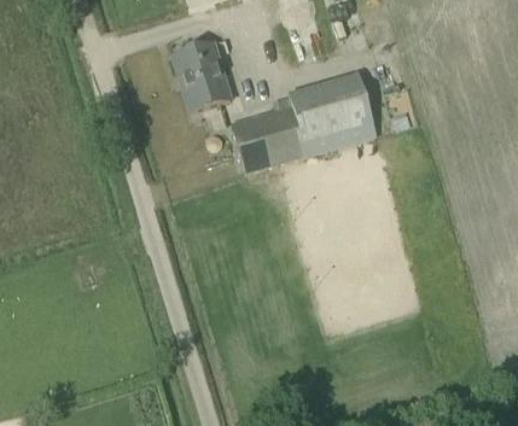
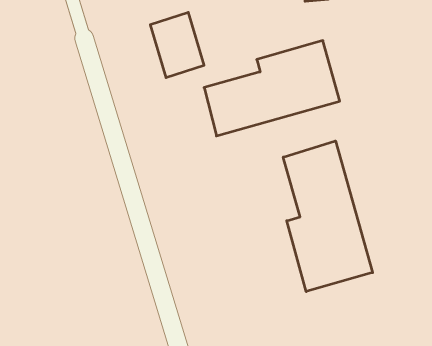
building: none -> [283,141,373,292]

